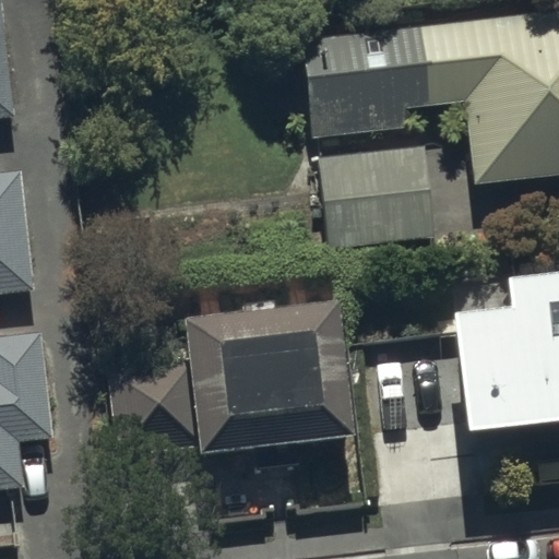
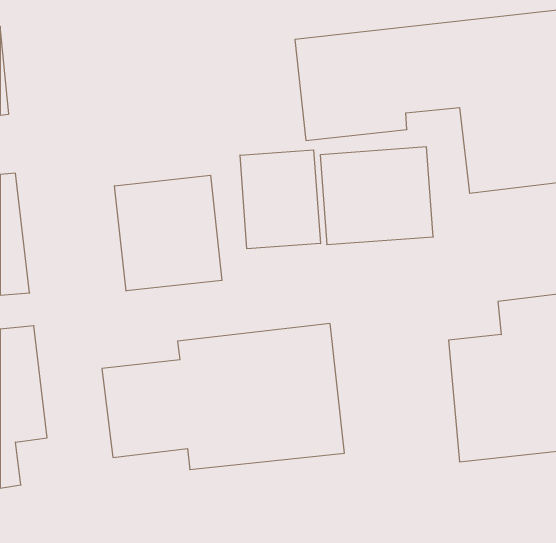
building: none -> [240,150,320,249]
building: none -> [115,175,222,291]

